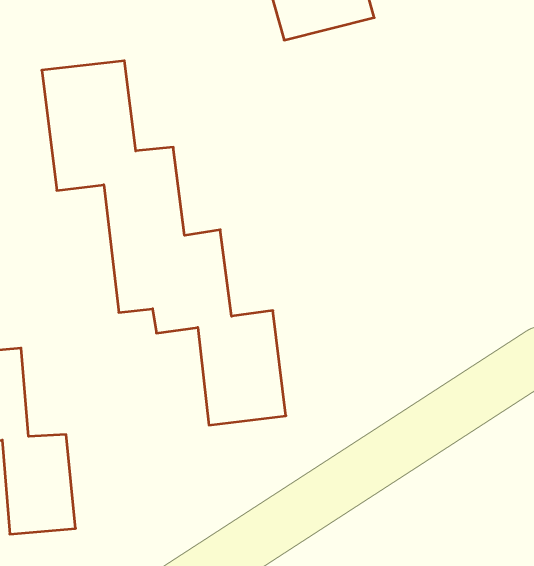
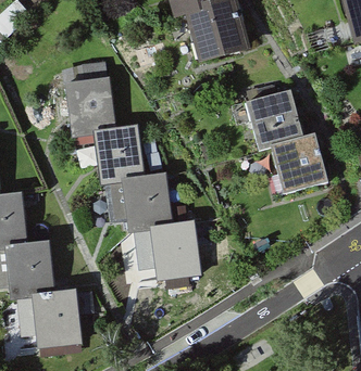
building: none -> [244,89,326,190]

